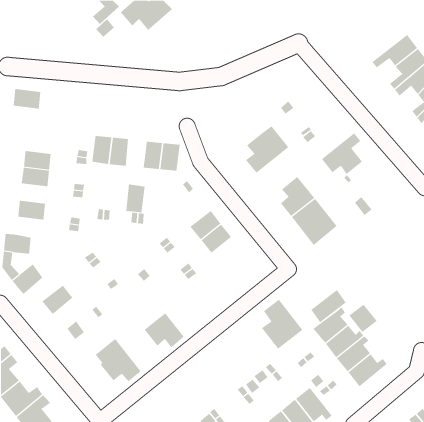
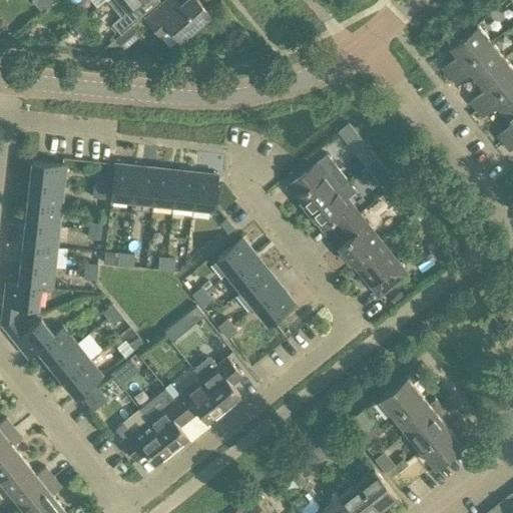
building: none -> [443,26,492,78]
building: [13,88,41,109] -> [31,163,65,188]
building: [321,132,363,175] -> [310,180,360,231]
building: none -> [24,224,59,248]
building: [126,184,146,213] -> [153,170,177,205]
building: none -> [216,239,255,277]
building: none -> [19,265,54,291]
building: none -> [255,289,294,325]
building: none -> [38,330,77,367]
building: [311,289,347,323] -> none
building: none -> [193,358,242,409]
building: none -> [64,362,102,399]
building: [261,299,303,349] -> none
building: [348,304,377,333] -> none
building: none -> [138,388,190,451]

